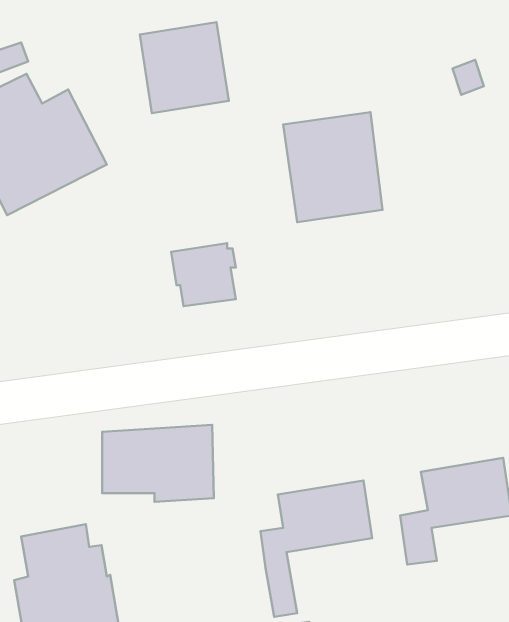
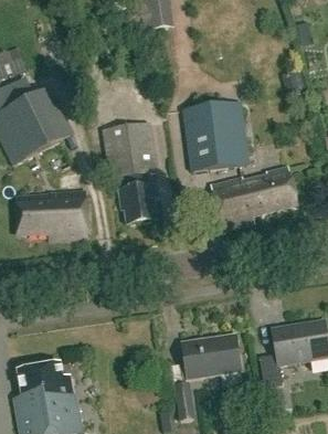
building: [140,22,229,113] -> [99,121,156,179]
building: none -> [209,167,295,231]
building: [102,425,214,502] -> [14,191,85,240]

